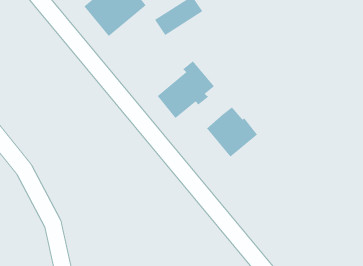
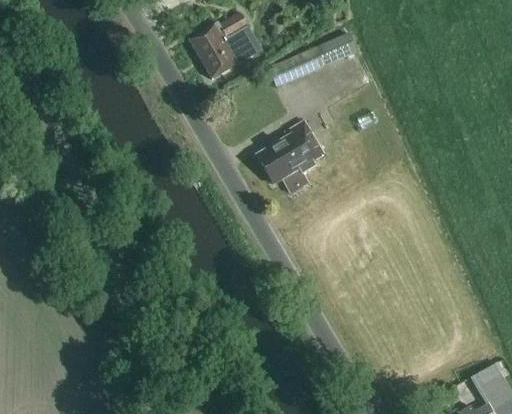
building: [206,106,258,158] -> none

